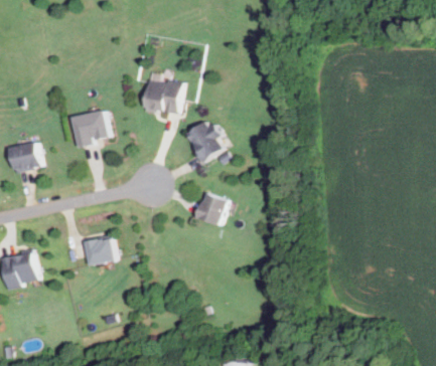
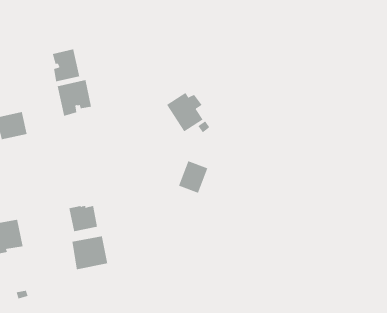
building: [144,72,184,114] -> none
building: none -> [52,49,80,82]
building: none -> [72,235,108,270]

